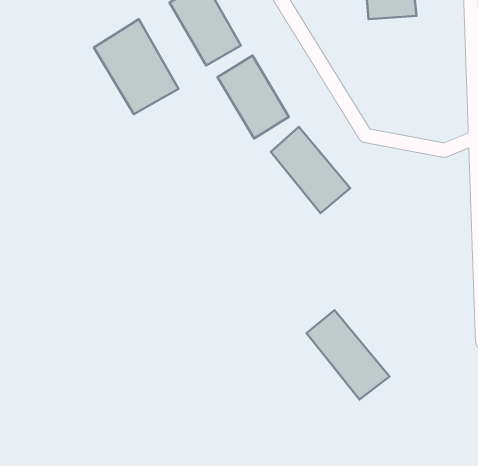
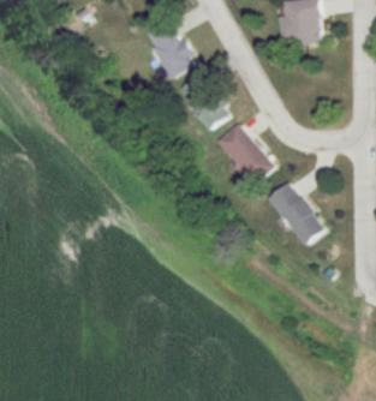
building: [94,19,179,114] -> none
building: [306,310,389,400] -> [267,181,327,246]

